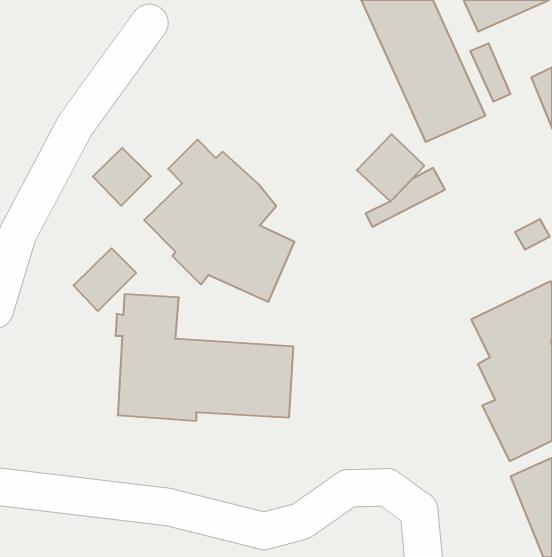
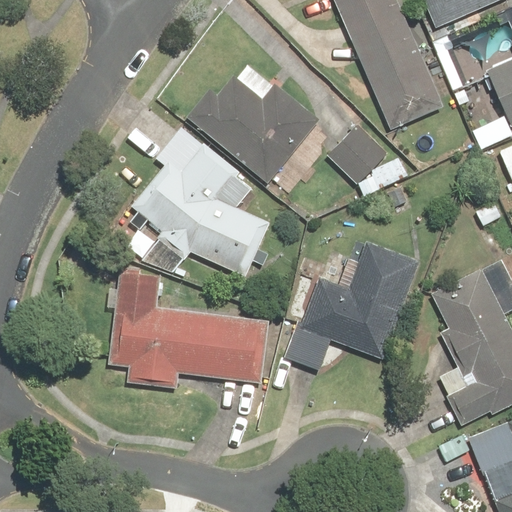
building: none -> [188,62,322,184]
building: [93,148,151,206] -> none
building: [73,248,136,311] -> none
building: none -> [282,240,420,371]

